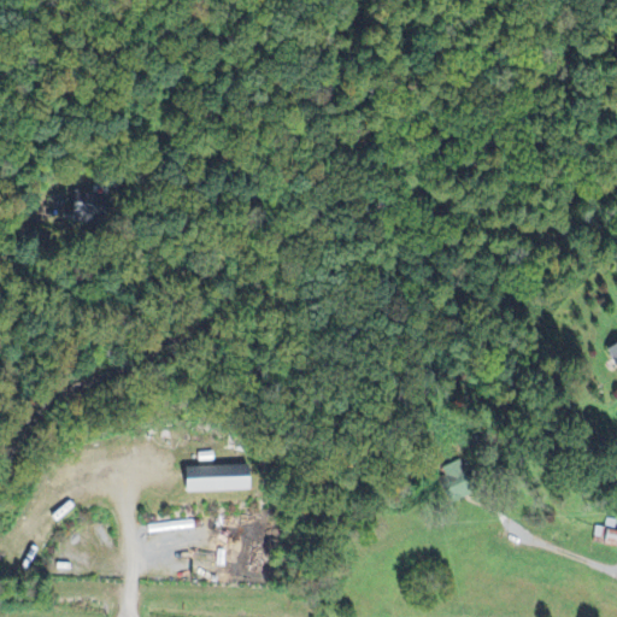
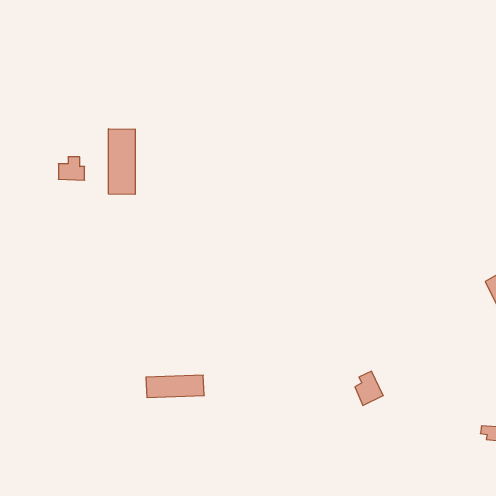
building: none -> [109,129,135,194]

